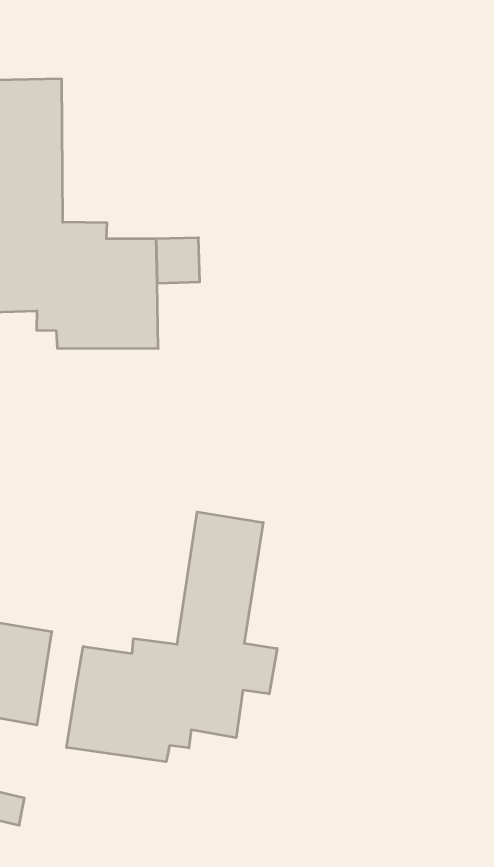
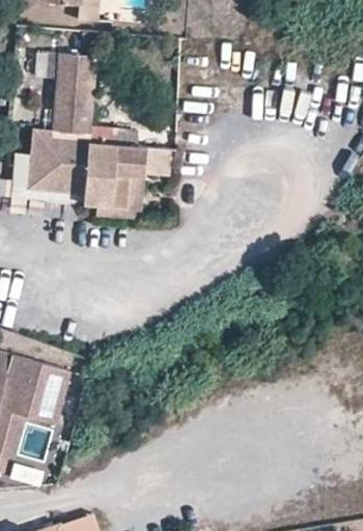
building: [67,512,277,762] -> none

